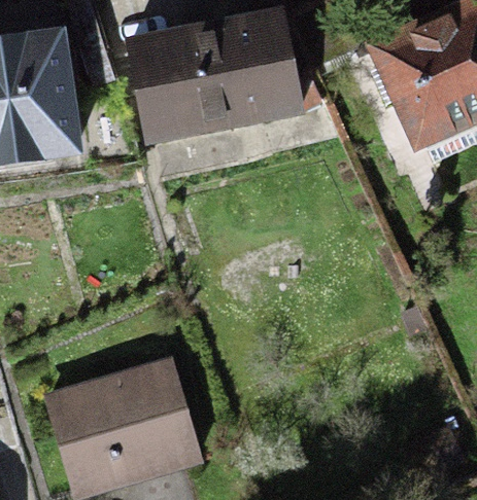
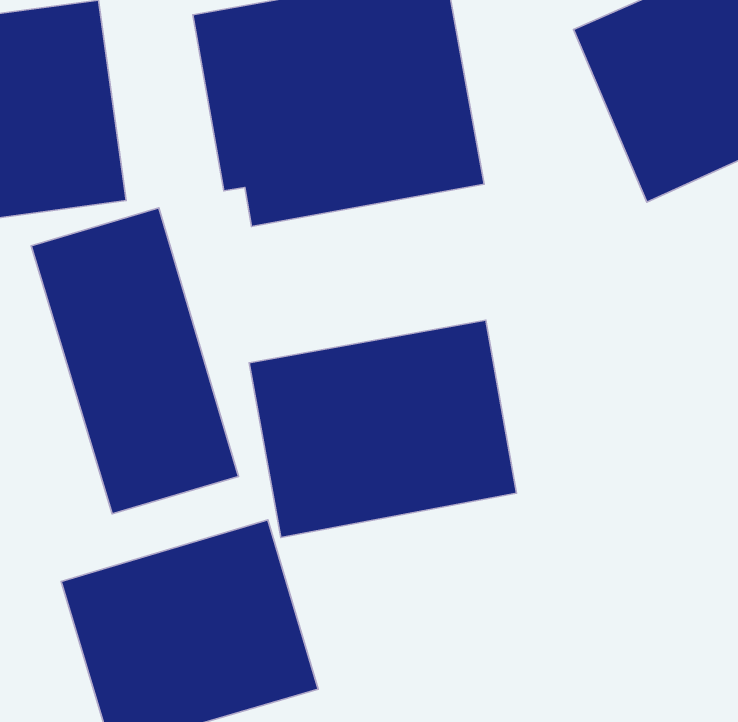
building: none -> [31,208,239,514]
building: none -> [249,320,517,537]

